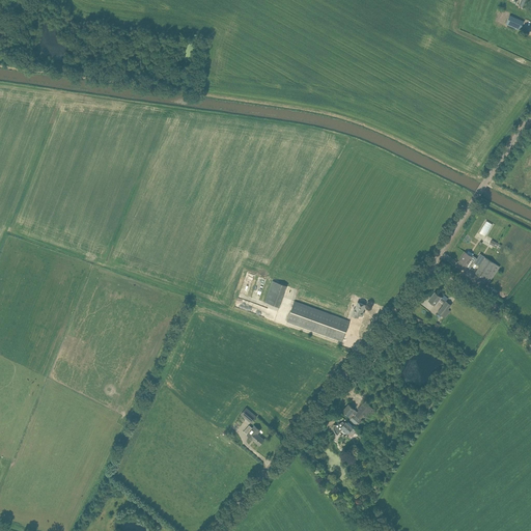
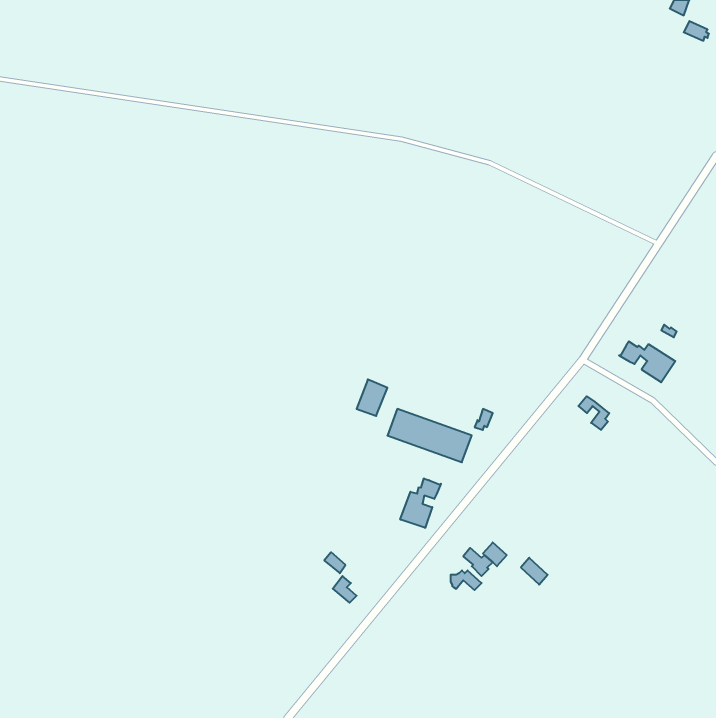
building: none -> [400,478,441,528]

